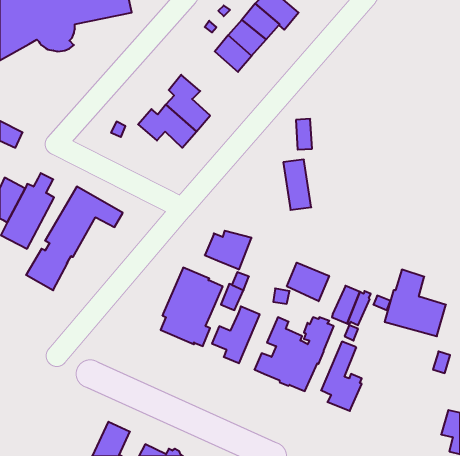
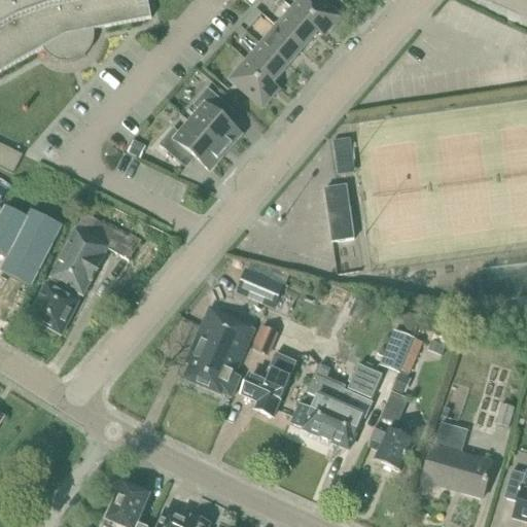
building: none -> [229,59,279,106]
building: [287,263,329,301] -> none
building: [385,270,446,336] -> [421,420,491,496]

